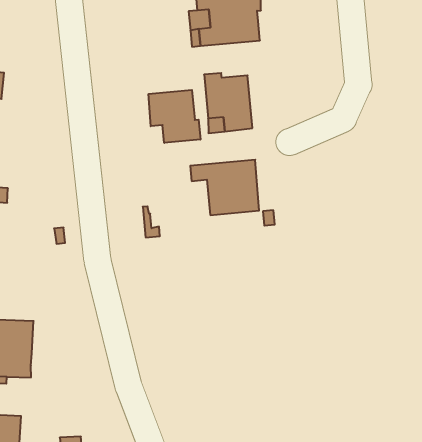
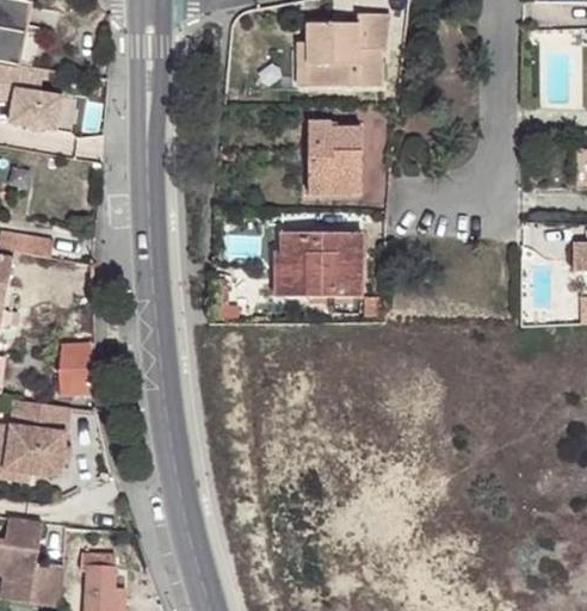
building: [149,90,200,143] -> none
building: none -> [274,251,299,295]
building: none -> [57,341,93,395]

